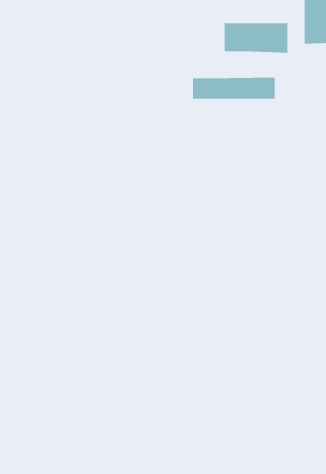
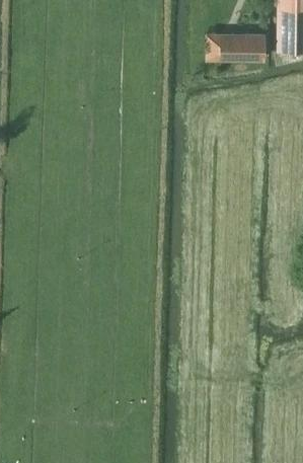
building: [192,77,275,100] -> none

